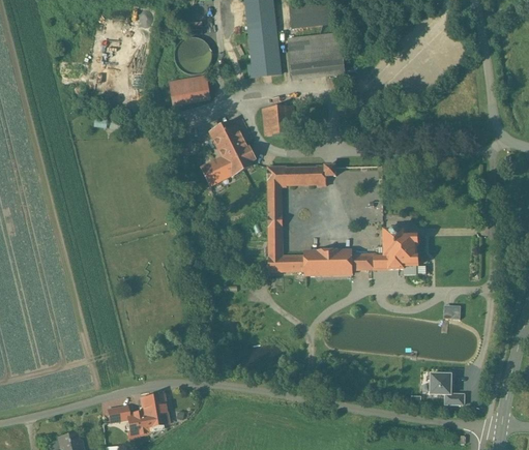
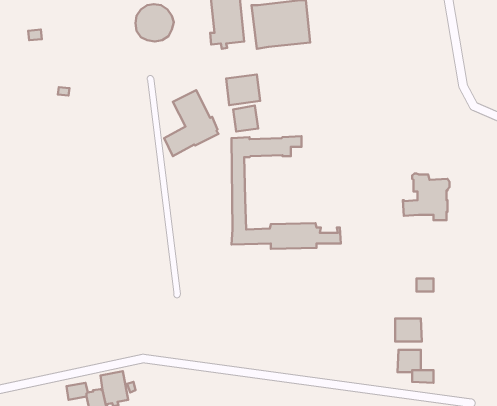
building: [169,76,209,102] -> none
building: none -> [233,105,258,132]
building: [373,228,418,273] -> [403,173,450,220]
building: none -> [395,318,422,341]

